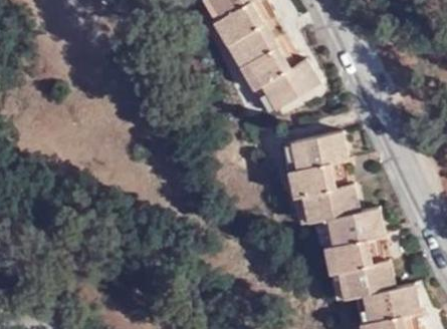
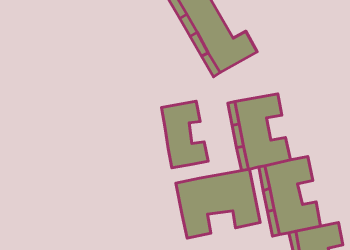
building: none -> [161,101,208,168]
building: none -> [176,169,260,238]

